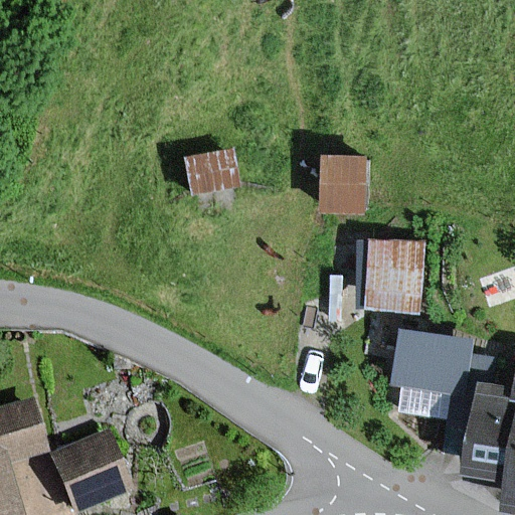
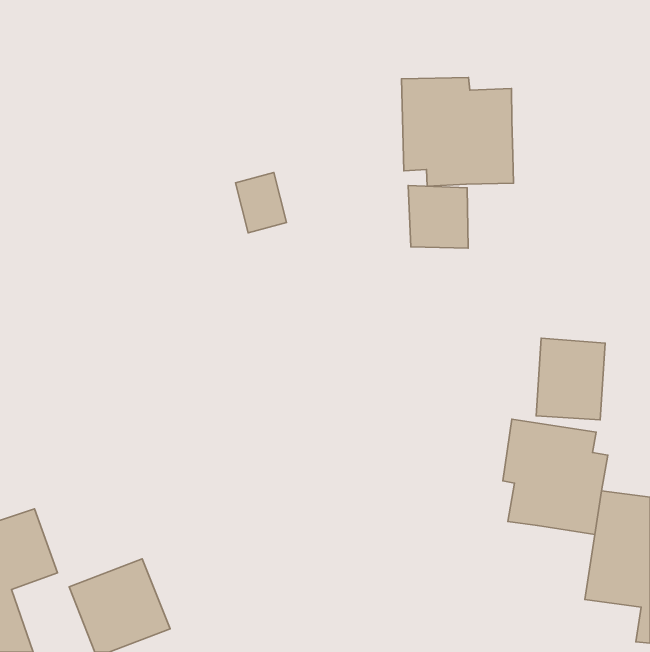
building: none -> [402,78,514,186]
building: [366,242,420,307] -> [536,338,605,420]

